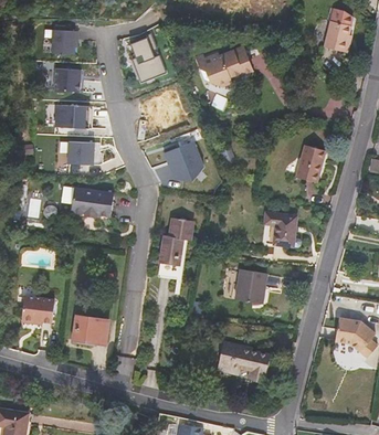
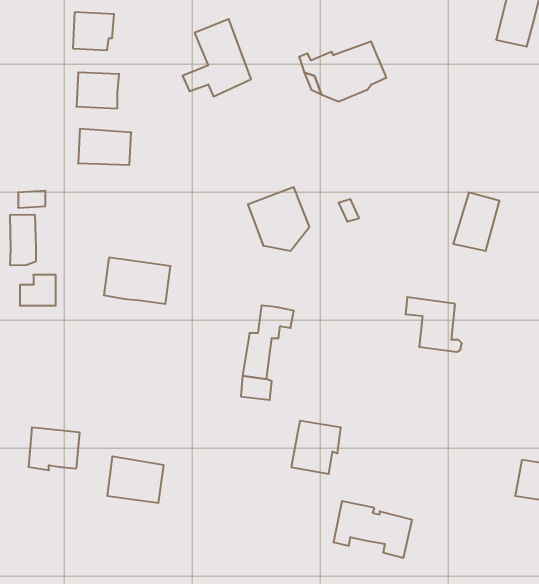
building: [66,140,93,163] -> none
building: none -> [10,215,36,265]
building: [234,269,266,304] -> [291,421,341,474]

